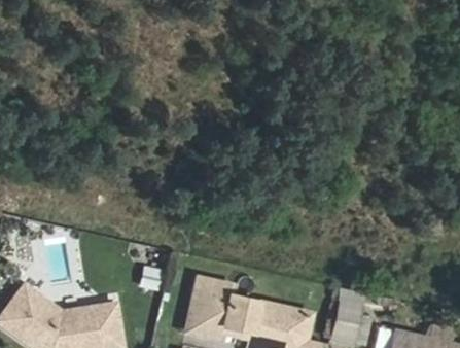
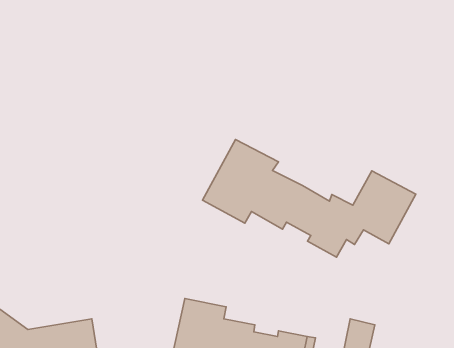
building: none -> [203,140,416,257]

